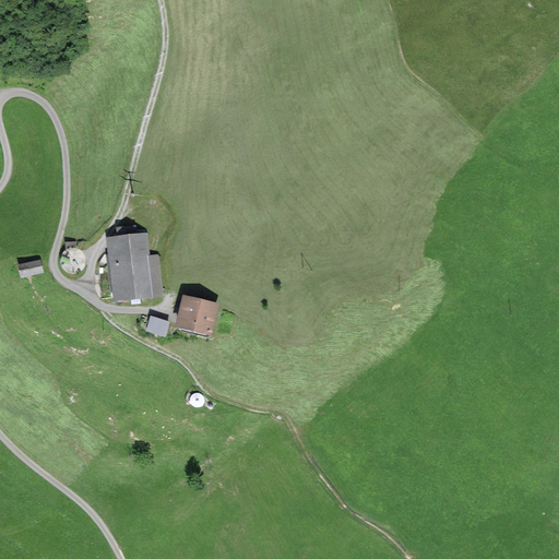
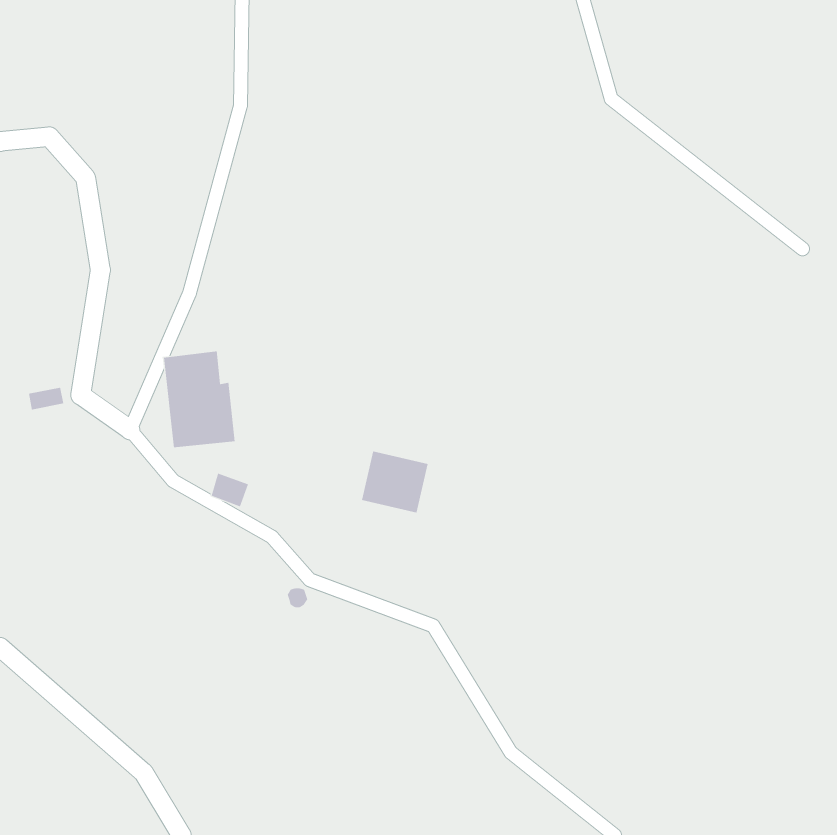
building: [173,295,217,336] -> [361,451,429,513]

